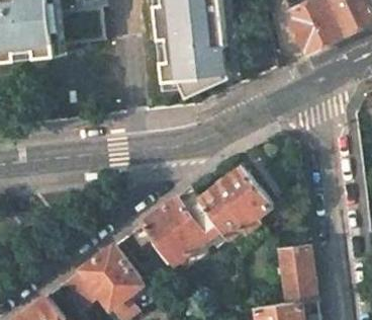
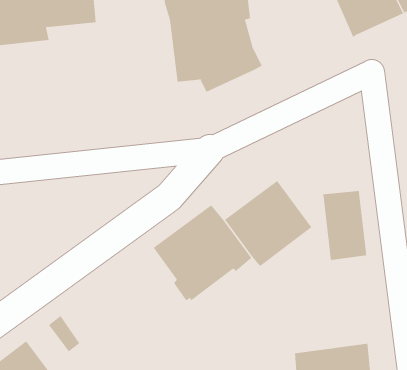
building: [83,243,144,307] -> none
building: [281,245,316,301] -> [322,190,367,260]

